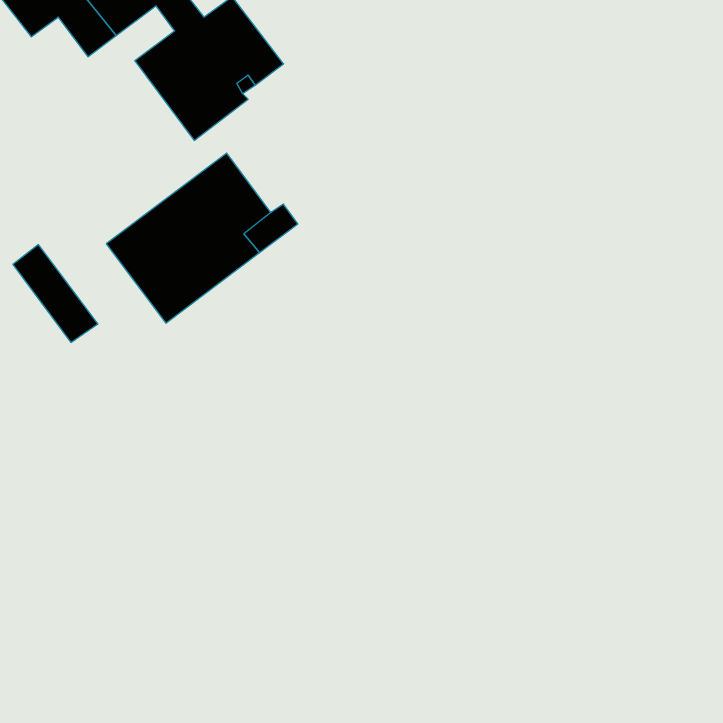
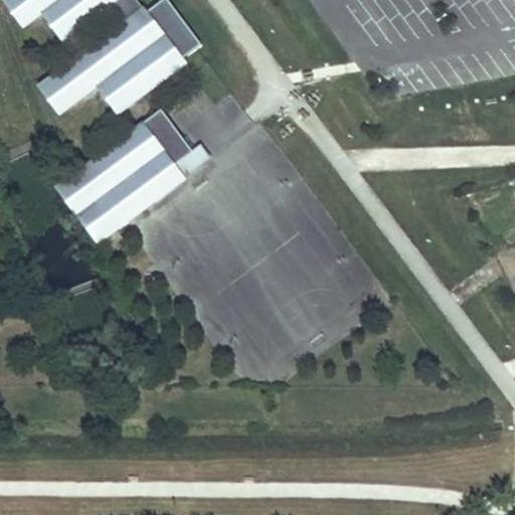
building: none -> [39,43,138,114]
building: [13,245,98,342] -> [57,173,118,242]

